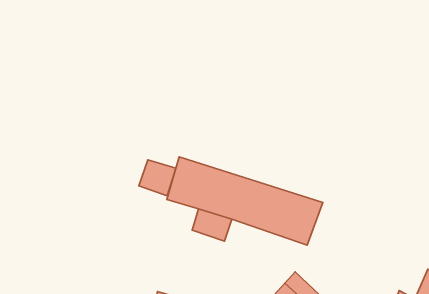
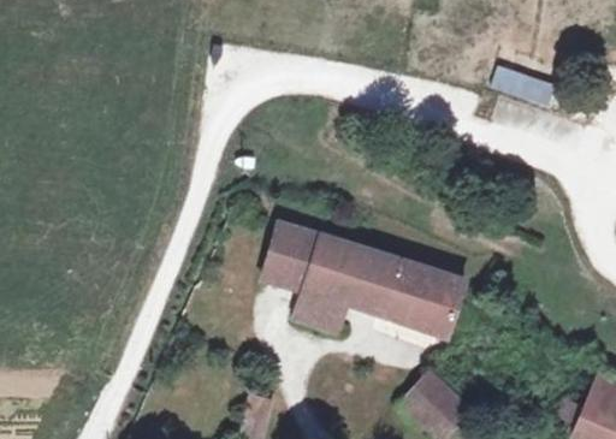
building: [139,160,176,196] -> none

